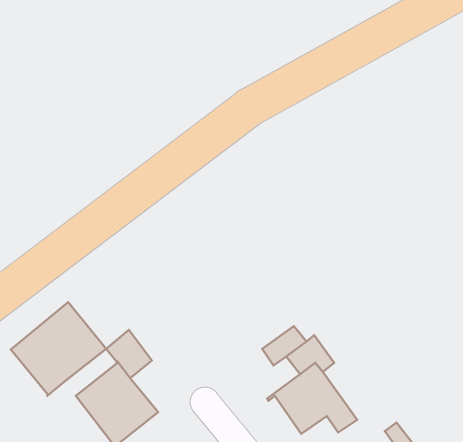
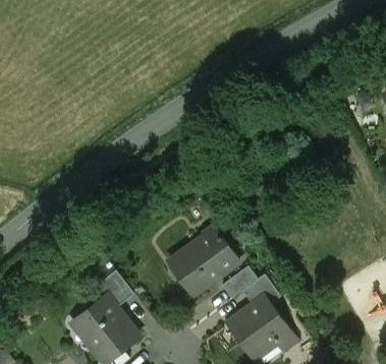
building: none -> [168,226,239,295]
building: [11,302,106,396] -> none

